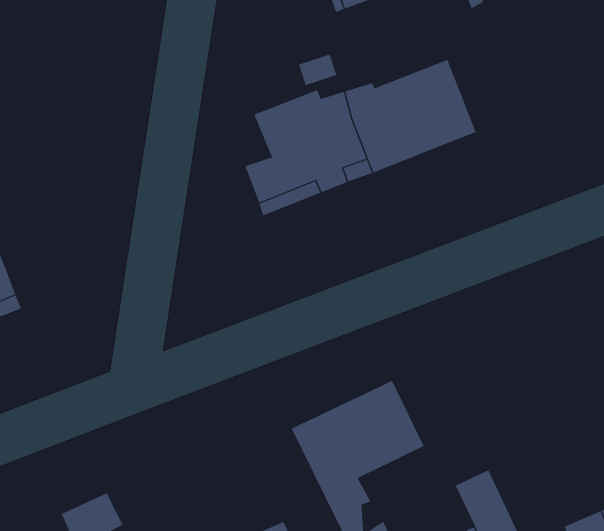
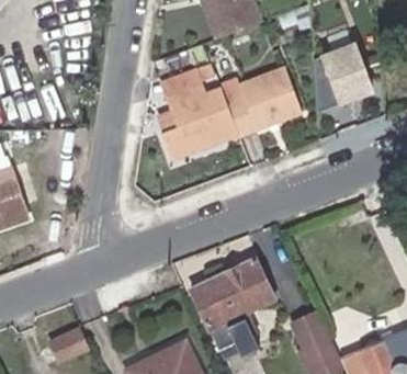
building: none -> [320,43,373,106]

